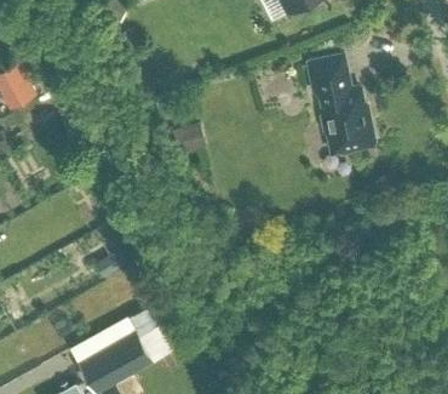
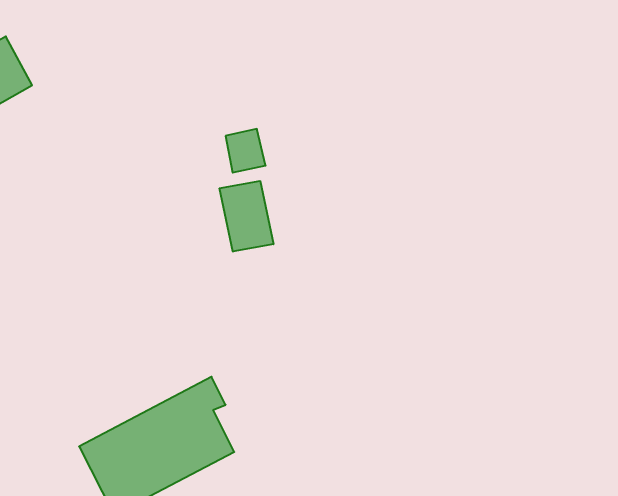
building: [309,57,375,156] -> none
building: none -> [220,181,273,252]

